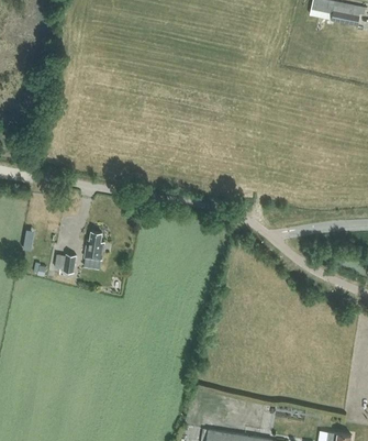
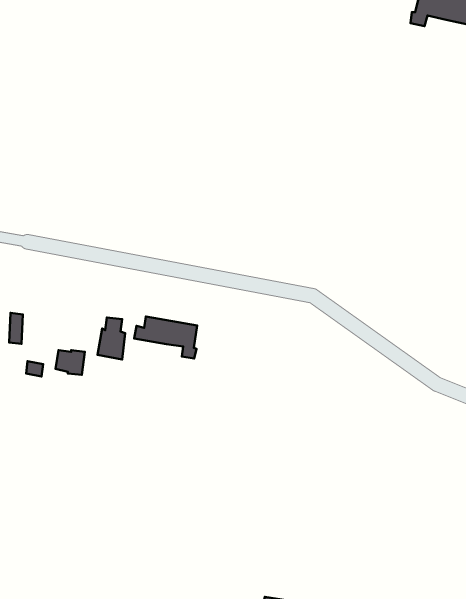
building: none -> [134,317,197,358]

